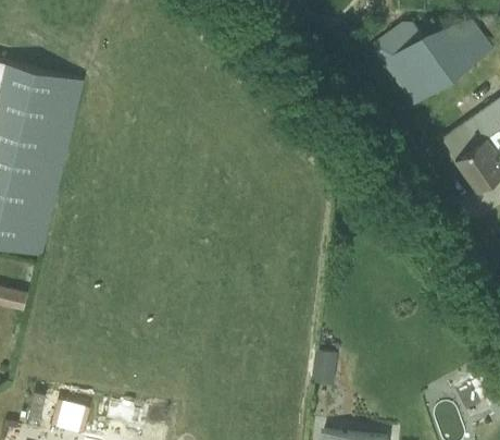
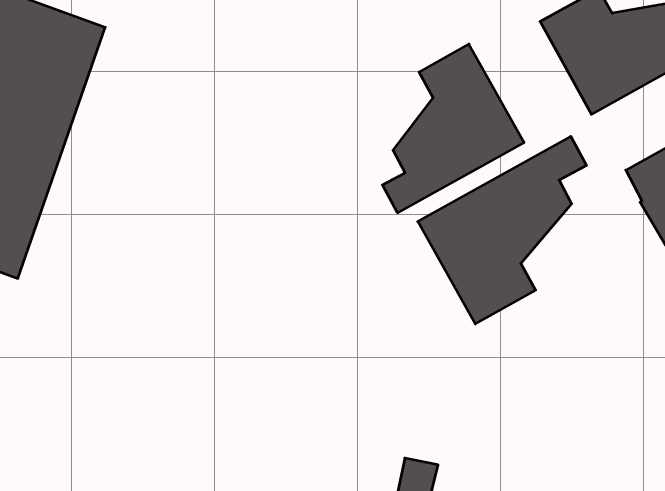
building: none -> [382,44,524,213]
building: none -> [418,136,586,324]

